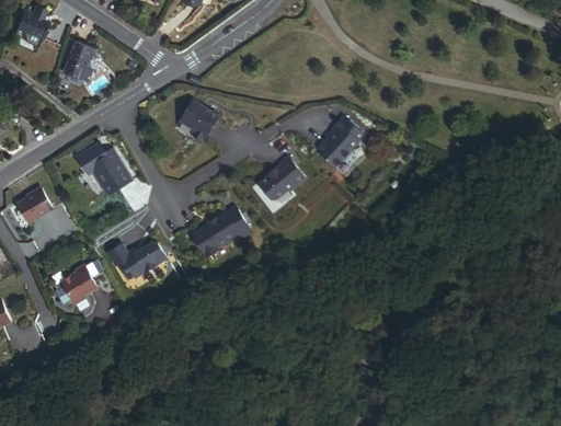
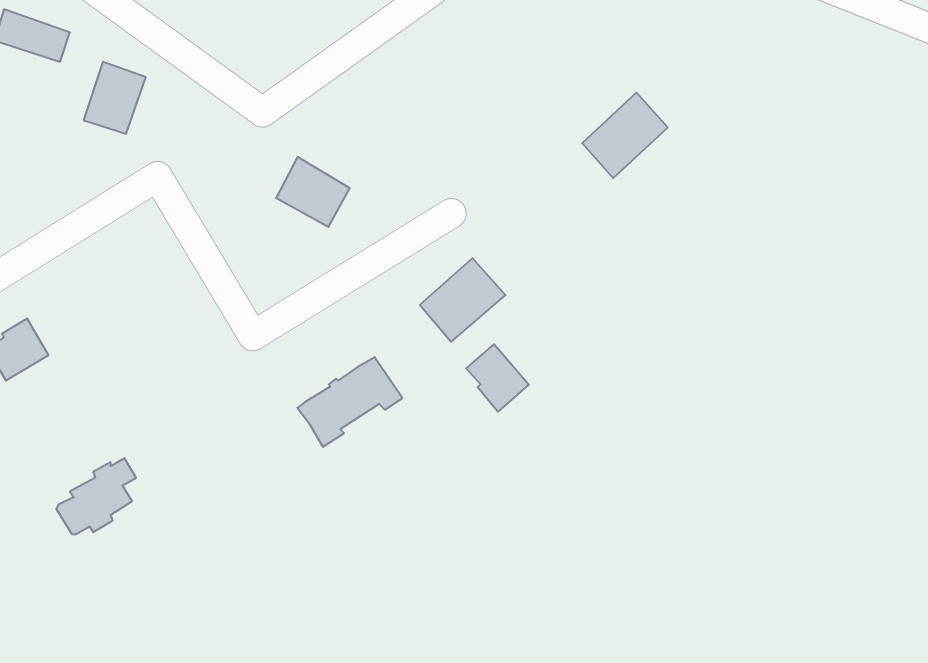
building: [314,115,363,163] -> [582,93,668,178]
building: [75,141,128,191] -> none
building: none -> [466,344,529,412]
building: [105,240,164,276] -> none

